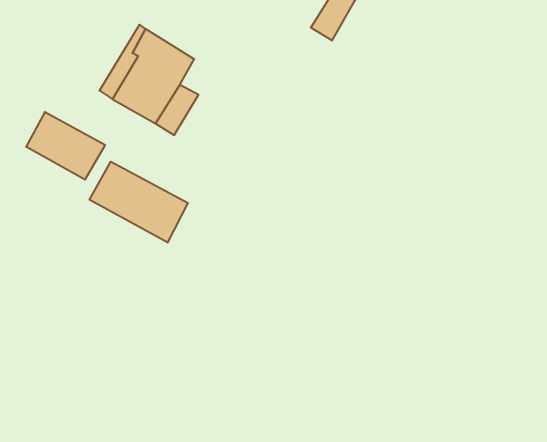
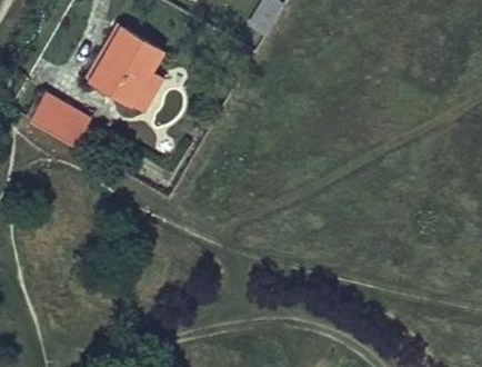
building: [89,162,188,243] -> none

